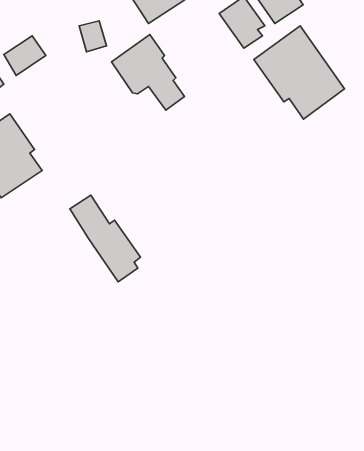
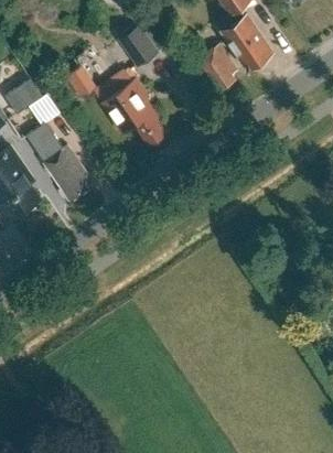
building: [254,26,345,119] -> none
building: [70,195,140,282] -> [28,123,90,201]

